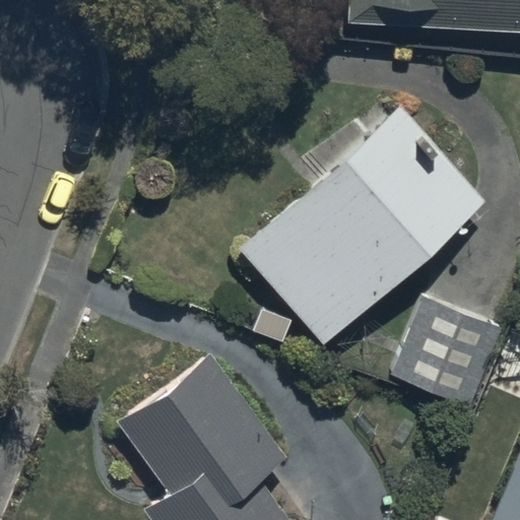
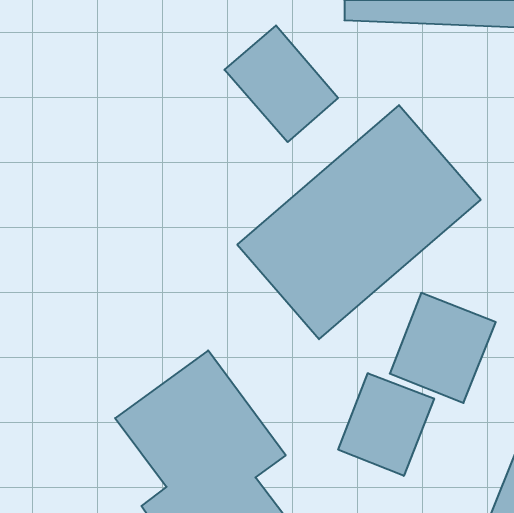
building: none -> [224,25,338,142]
building: none -> [338,373,434,476]

